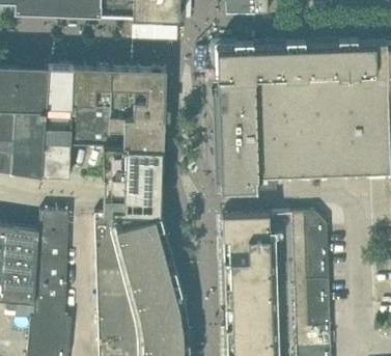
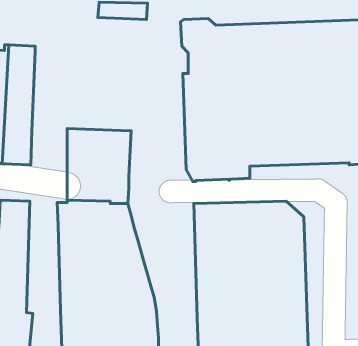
building: [71,66,166,147] -> none

